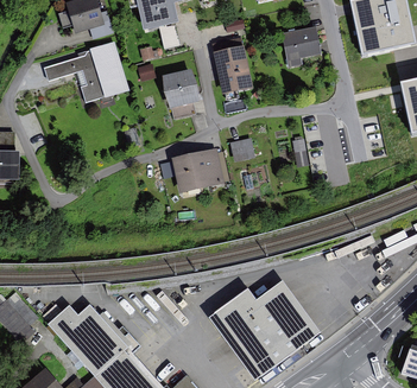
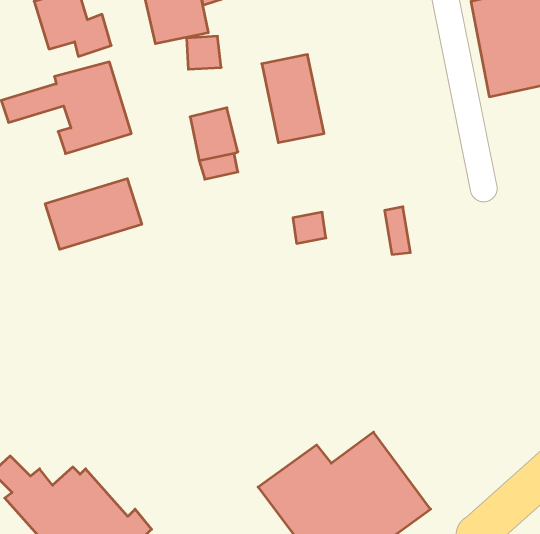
building: [282,27,320,59] -> none
building: none -> [45,179,142,249]
building: [172,150,228,191] -> none

